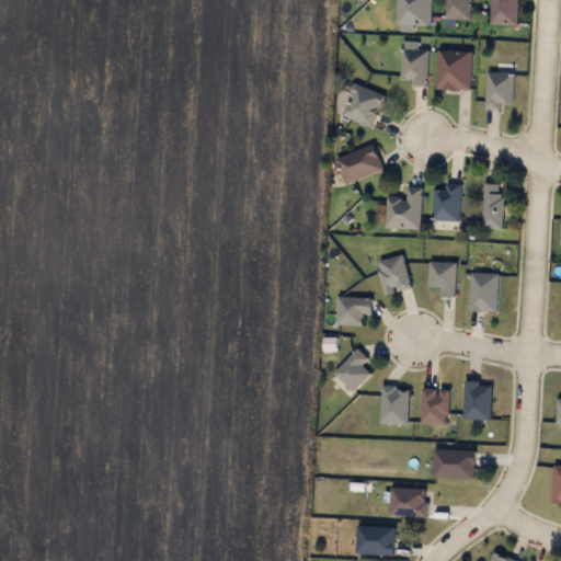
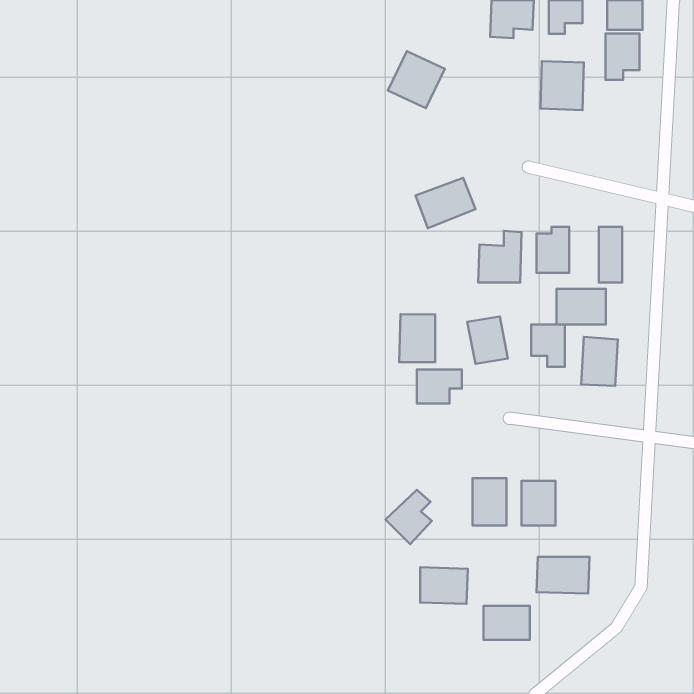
building: [400,48,427,84] -> none
building: [486,72,514,110] -> [606,34,640,80]
building: [340,81,386,127] -> [388,51,445,108]
building: none -> [557,289,606,324]
building: none -> [399,314,435,362]
building: [333,348,370,392] -> [386,490,432,544]
building: [465,382,492,420] -> none
building: [356,526,394,556] -> [420,567,468,604]

